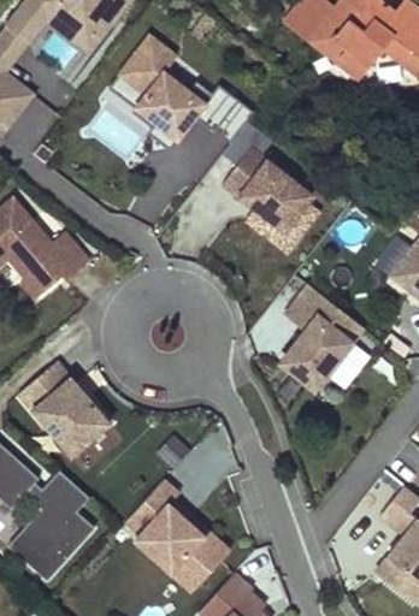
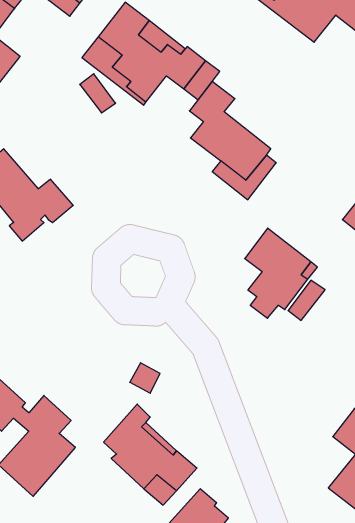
building: [18,361,107,455] -> none

